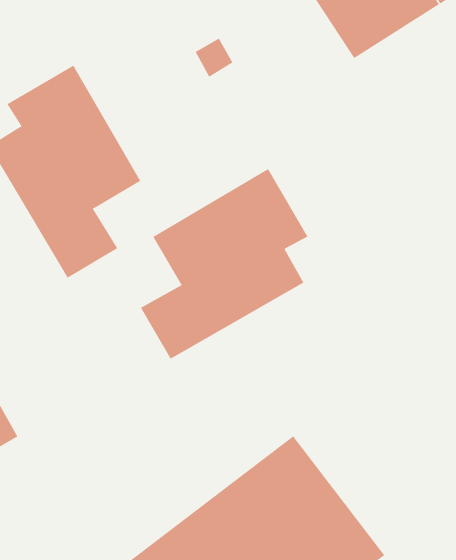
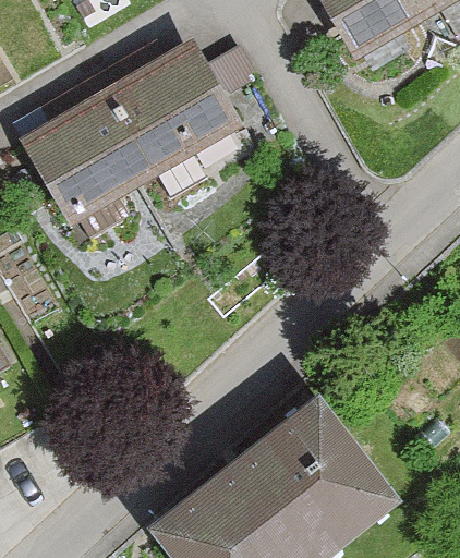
building: none -> [98,33,238,207]
building: [140,168,308,360] -> none

